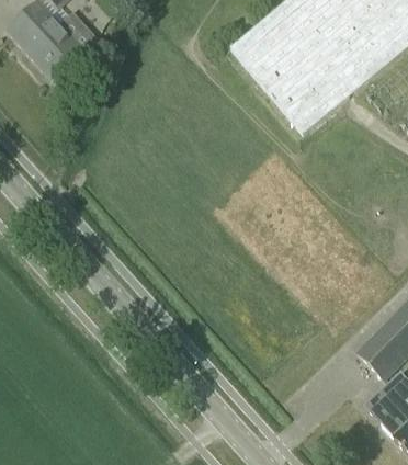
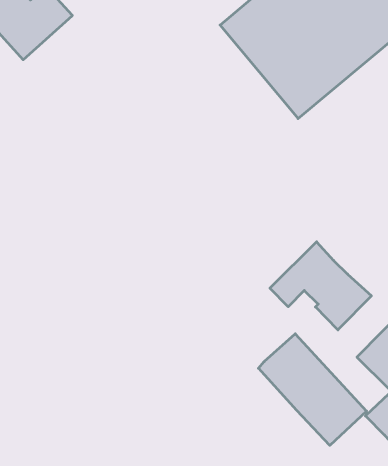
building: none -> [270,242,371,330]
building: none -> [258,334,367,445]

